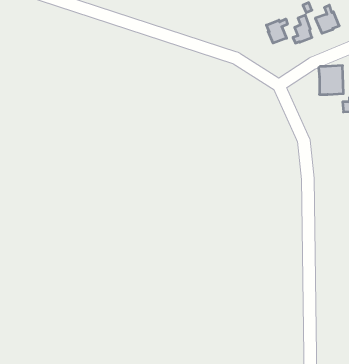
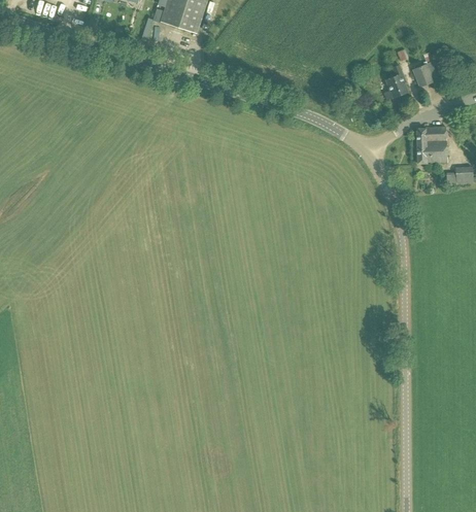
building: [266,19,287,43] -> none

